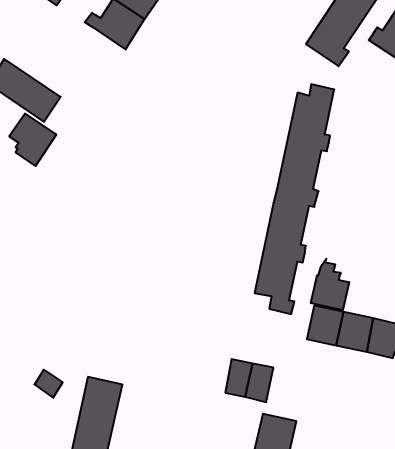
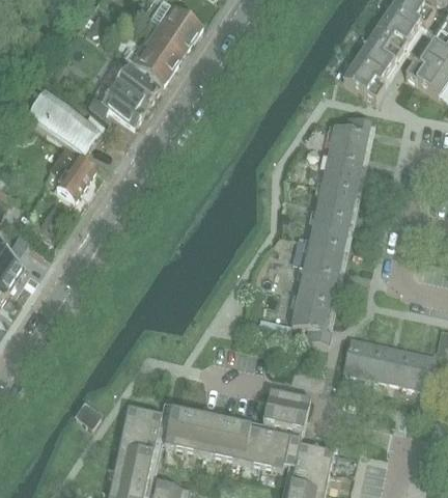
building: none -> [87,58,160,126]
building: [311,259,349,310] -> none
building: none -> [164,410,288,469]

